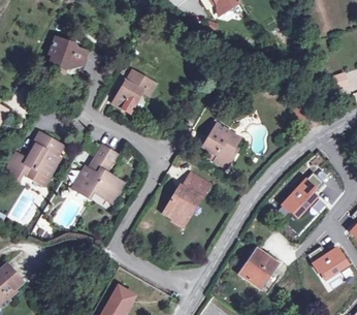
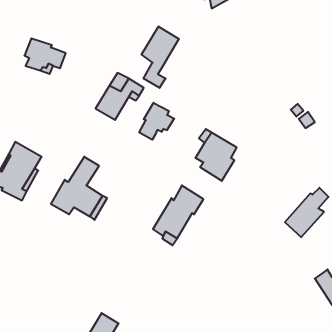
building: none -> [142,26,179,88]
building: none -> [139,103,174,140]
building: [239,248,279,288] -> none

